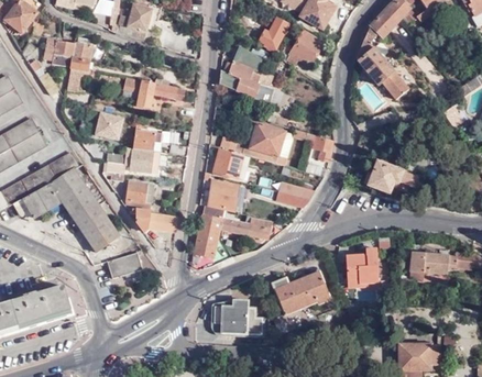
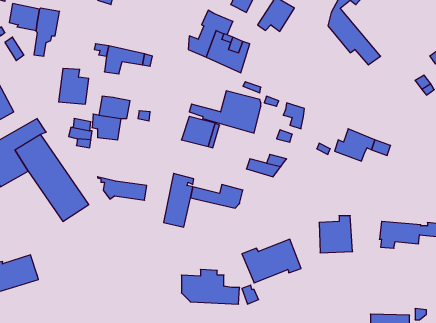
building: [208,178,241,210] -> none
building: [124,180,152,212] -> none
building: [108,253,140,278] -> none

